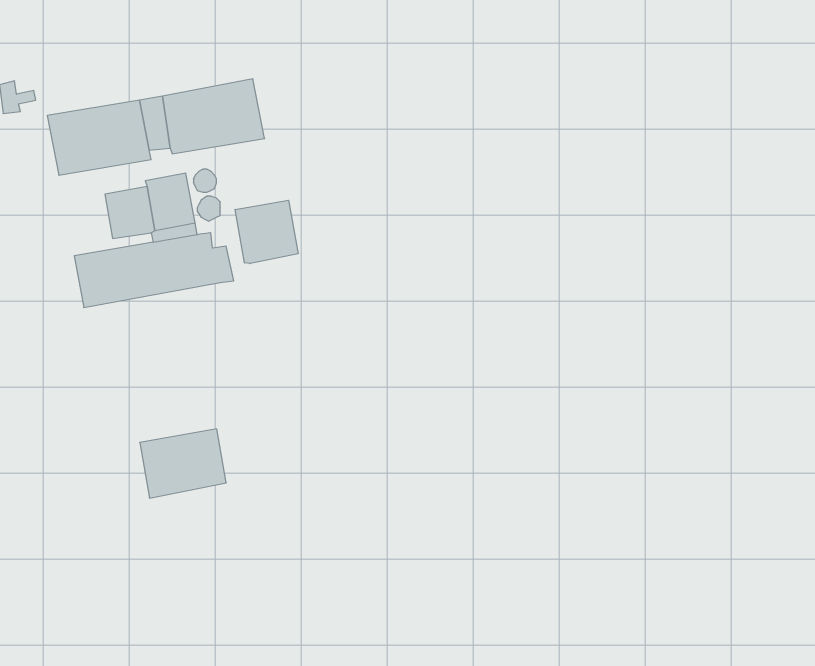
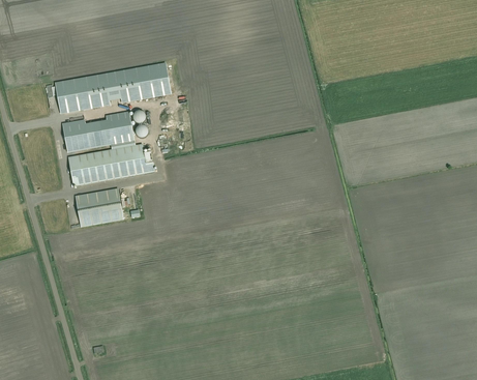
building: none -> [62,121,89,152]
building: [235,200,298,264] -> none
building: [140,429,226,498] -> [76,189,122,227]

